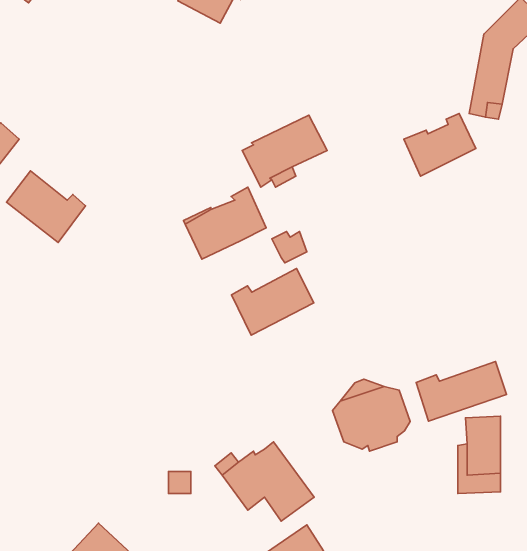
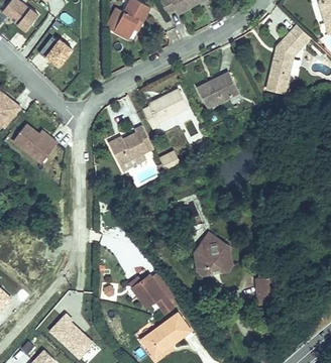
building: none -> [41,38,75,68]
building: [404,113,476,176] -> [198,75,237,109]
building: [231,269,314,335] -> none
building: [416,361,506,421] -> none

